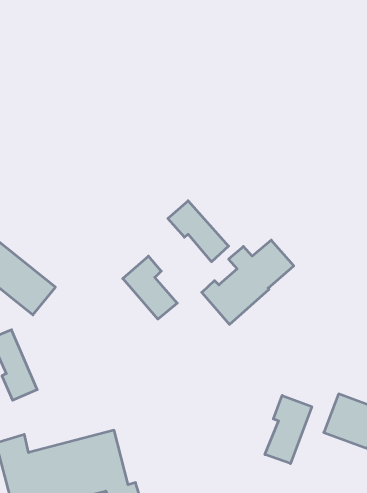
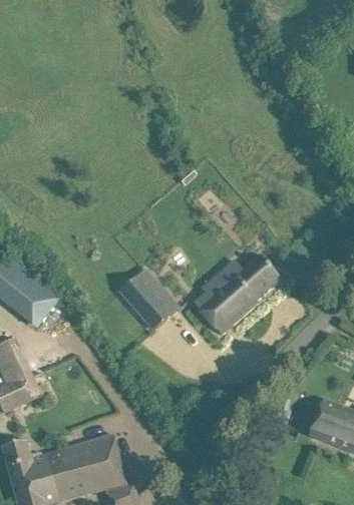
building: [168,201,229,262] -> none
building: [265,395,312,464] -> none

